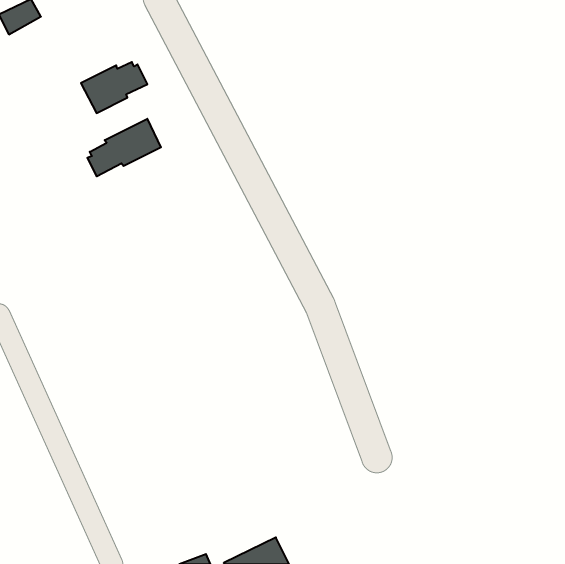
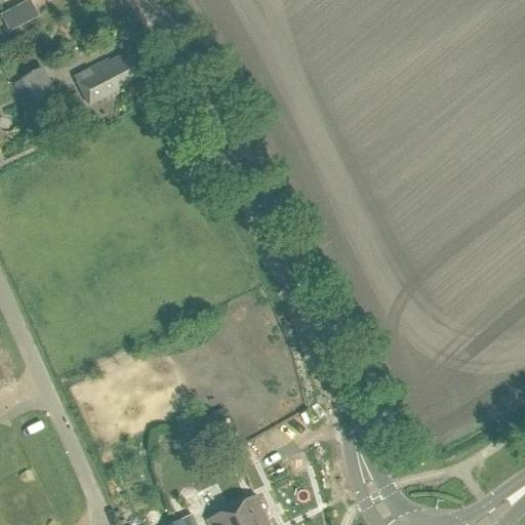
building: none -> [19,68,52,104]
building: [87,119,161,176] -> none

